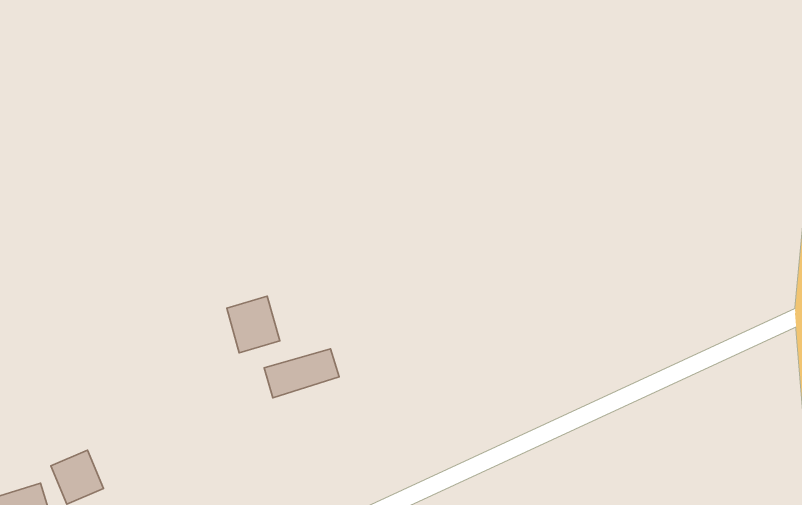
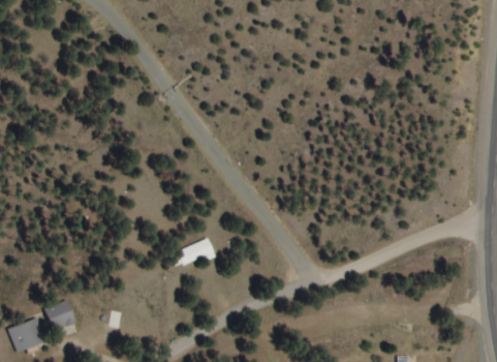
building: [227,296,280,353] -> none

